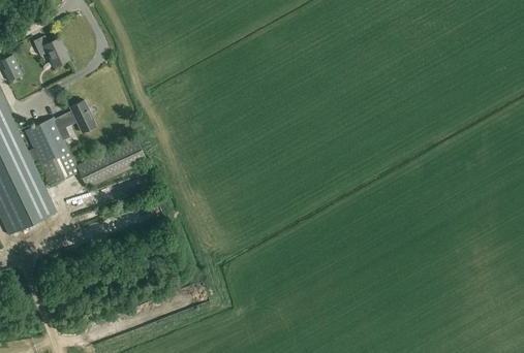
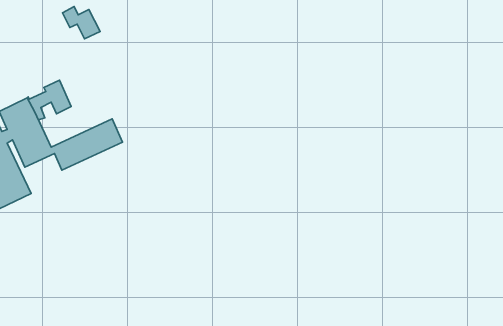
building: [31,35,68,67] -> [62,6,100,39]

